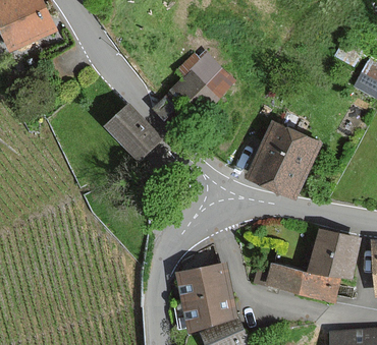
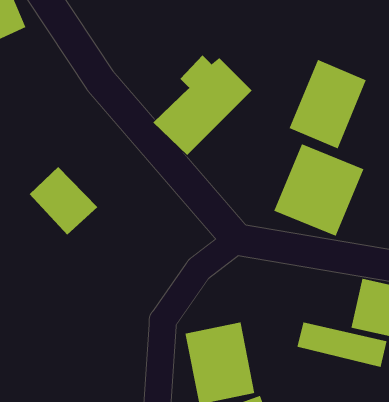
building: none -> [289,59,367,149]
building: [102,107,157,162] -> [29,166,98,235]

